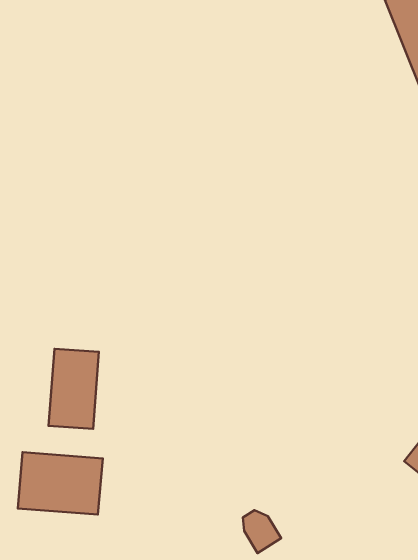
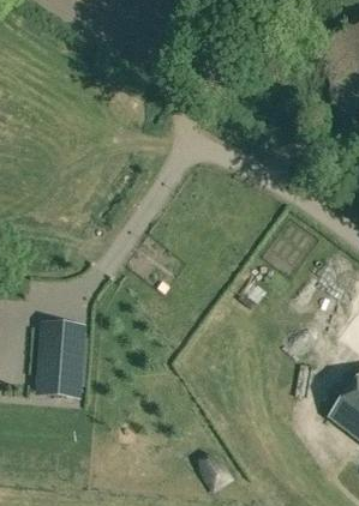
building: [18,452,103,515] -> none

